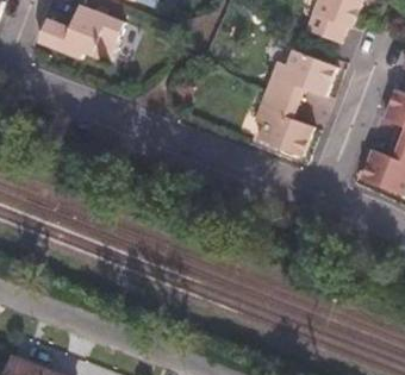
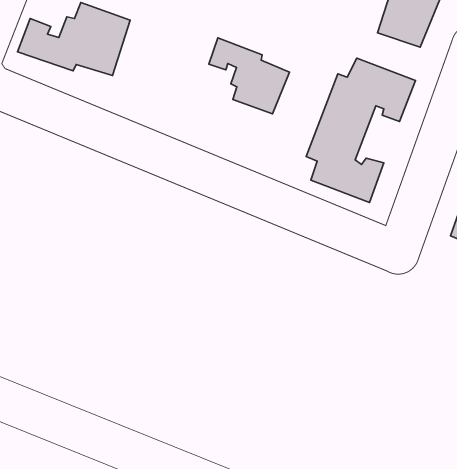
building: none -> [209,38,290,114]

